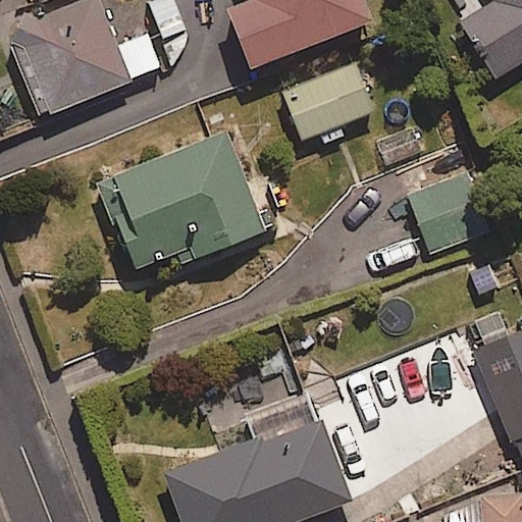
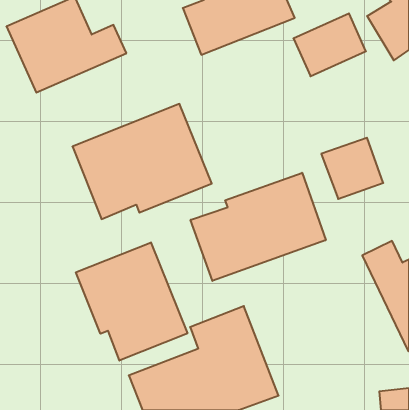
building: [280,61,372,141] -> [293,13,366,76]
building: none -> [191,173,326,281]
building: none -> [76,242,187,361]

